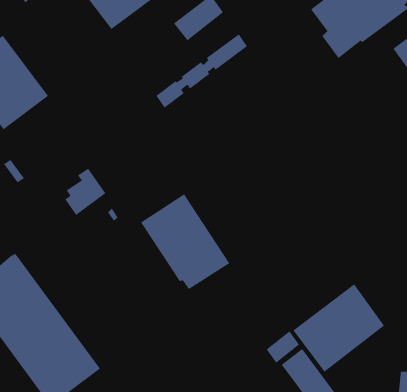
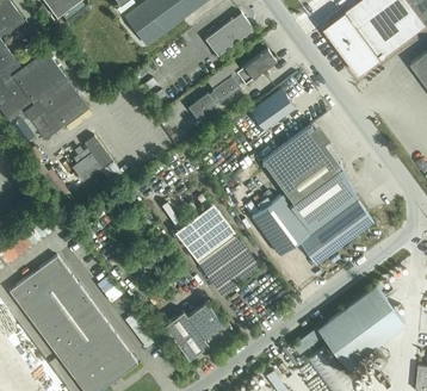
building: none -> [241,91,292,136]
building: none -> [252,125,373,265]
building: [64,168,106,216] -> [72,137,111,182]
building: none -> [163,303,233,360]

